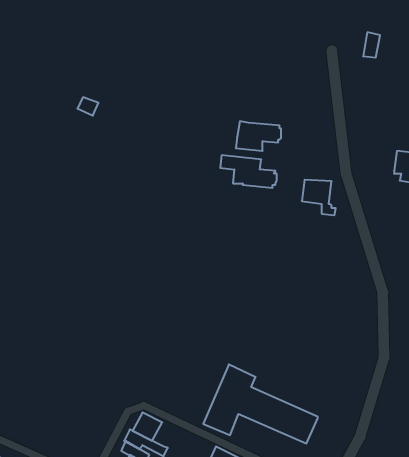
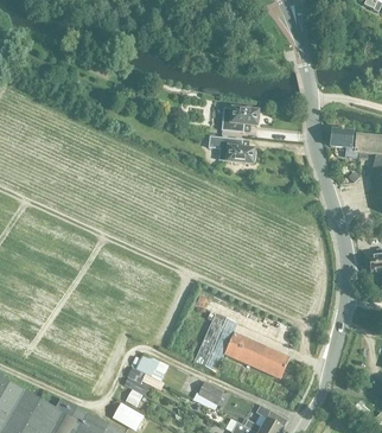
building: [302,180,336,215] -> [329,128,357,158]

